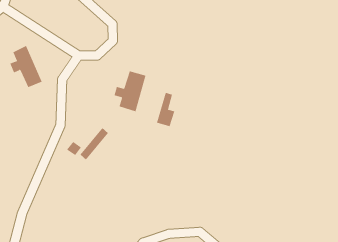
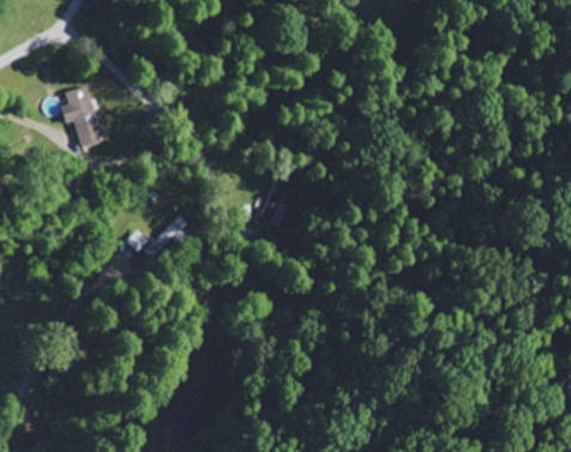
building: [114,70,146,112] -> none

